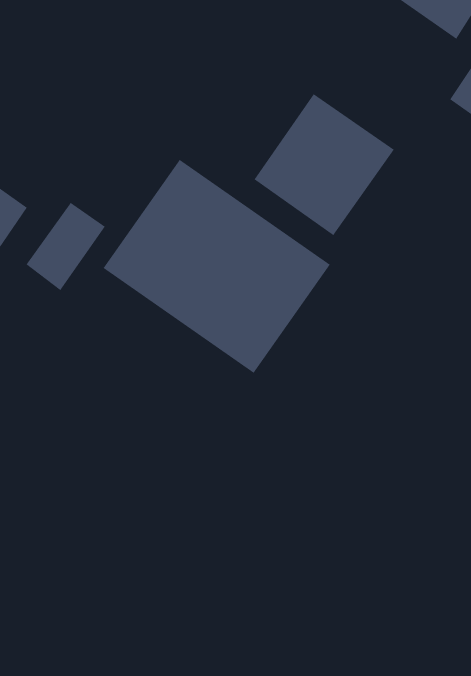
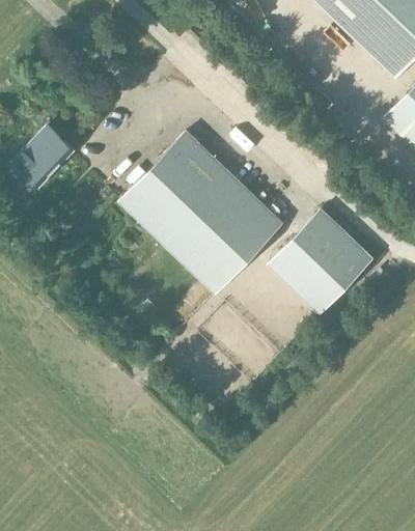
building: [253,93,395,236] -> [270,209,374,313]
building: [25,202,106,291] -> none

